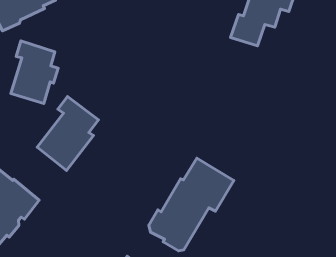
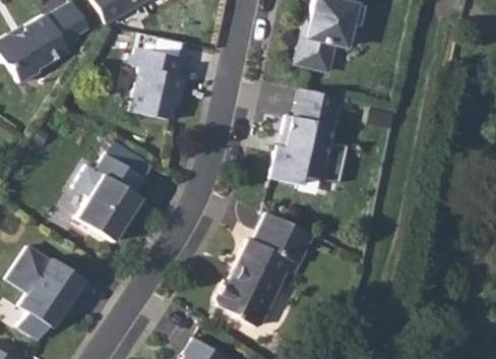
building: [11,41,58,103] -> [132,47,186,119]
building: none -> [270,87,340,184]

